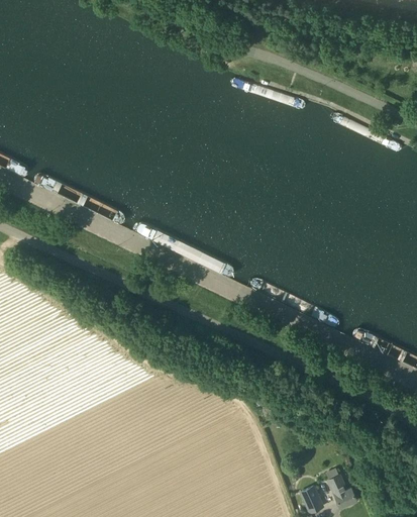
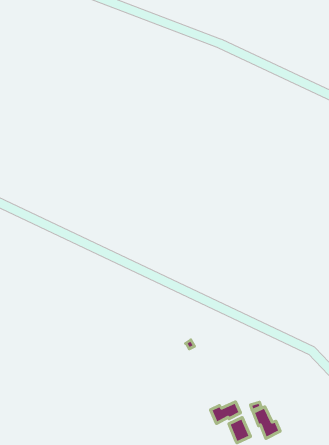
building: none -> [211,402,240,423]

